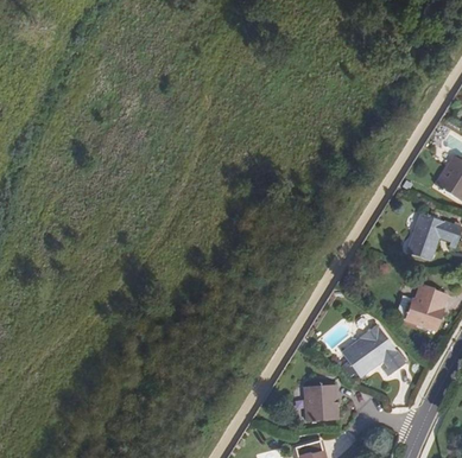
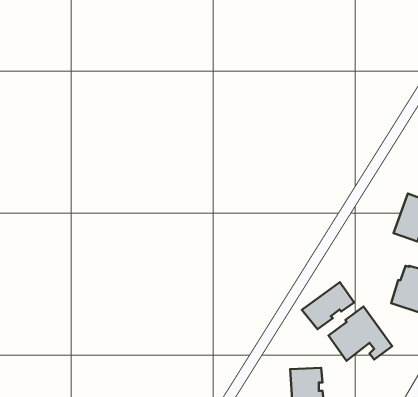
building: none -> [302,282,354,329]

